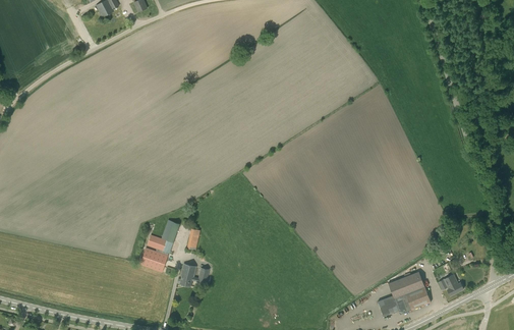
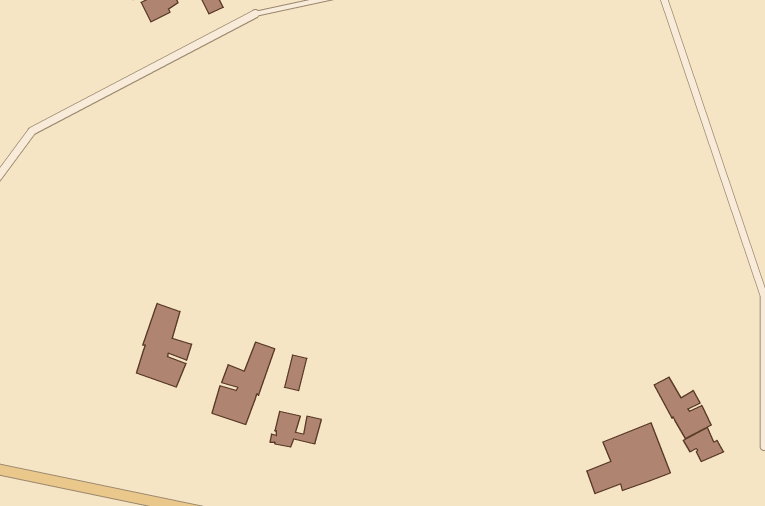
building: none -> [137,303,192,387]
building: none -> [654,377,711,439]

